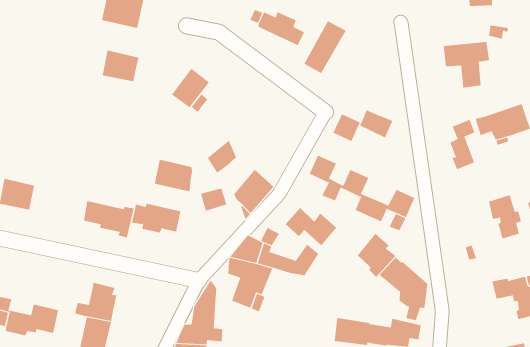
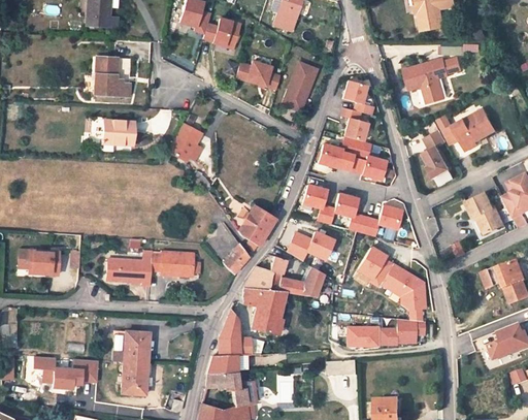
building: none -> [341,79,373,140]
building: none -> [362,155,387,180]
building: [207,140,237,173] -> [222,243,249,274]
building: [154,159,193,192] -> none

